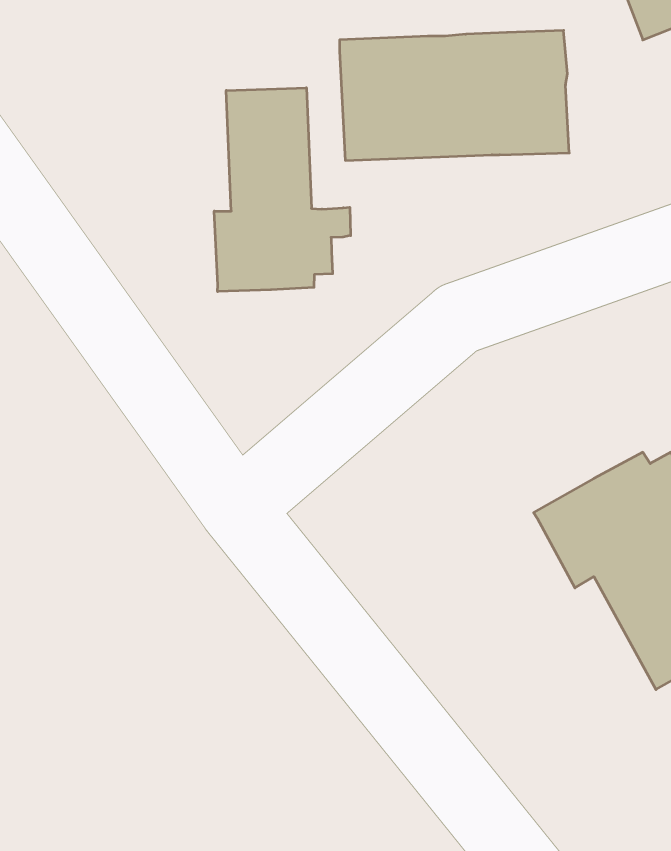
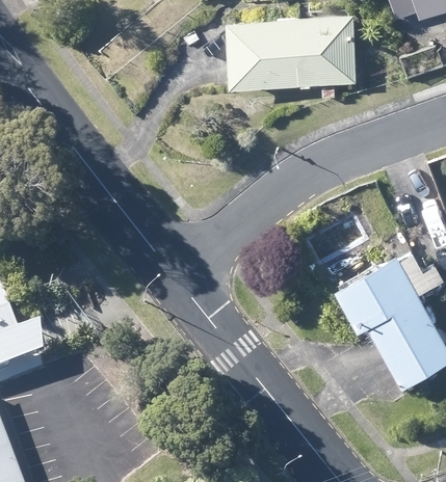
building: [214,88,351,292] -> none

